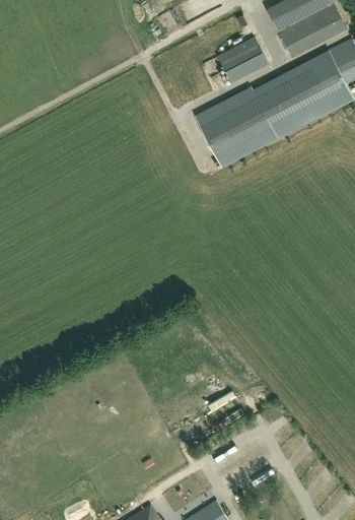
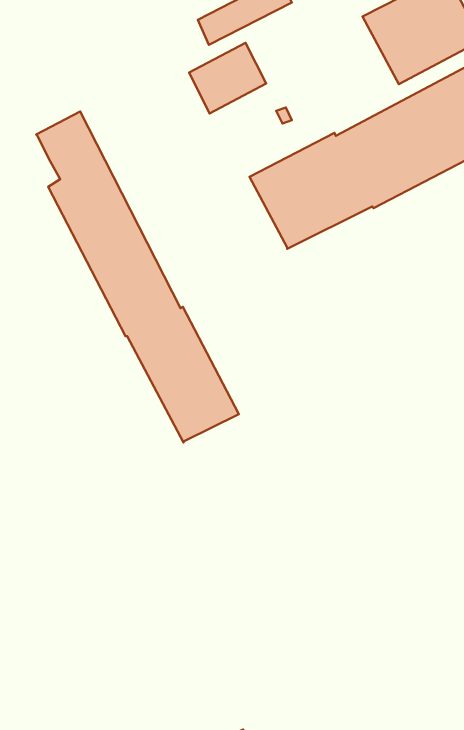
building: [217,37,267,82] -> [189,43,266,113]
building: none -> [36,111,239,443]

